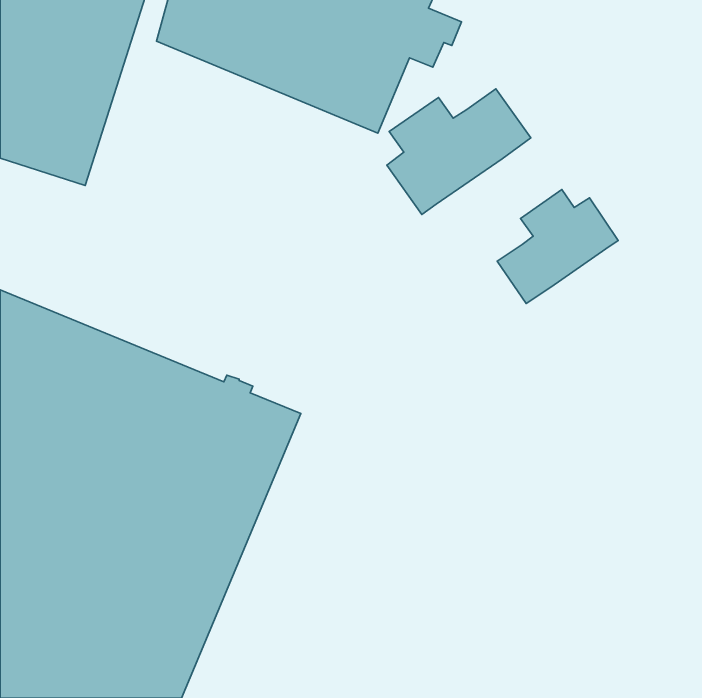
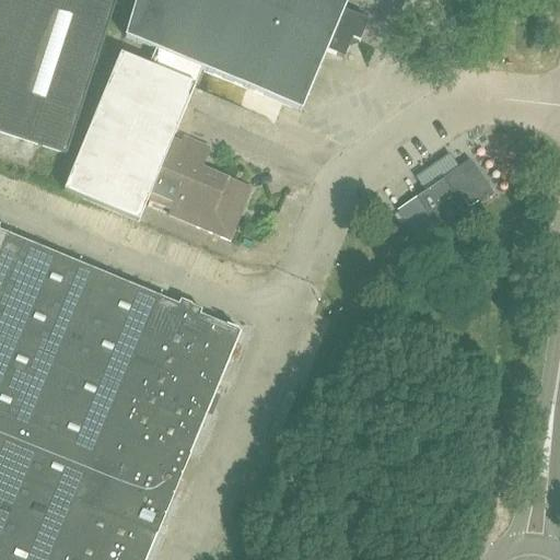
building: none -> [63,51,250,237]
building: [387,89,531,214] -> none

